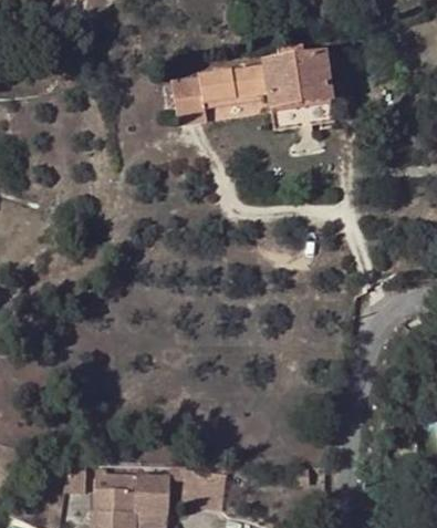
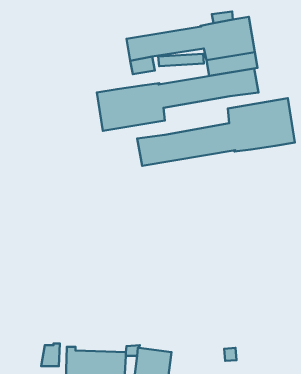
building: none -> [97,69,258,131]
building: none -> [137,98,295,166]

